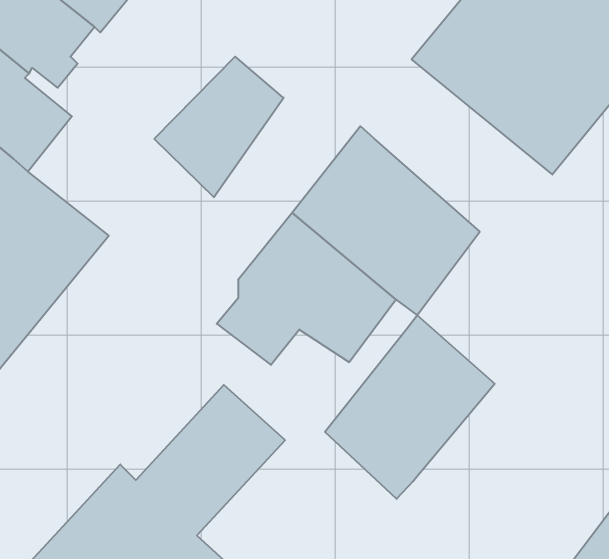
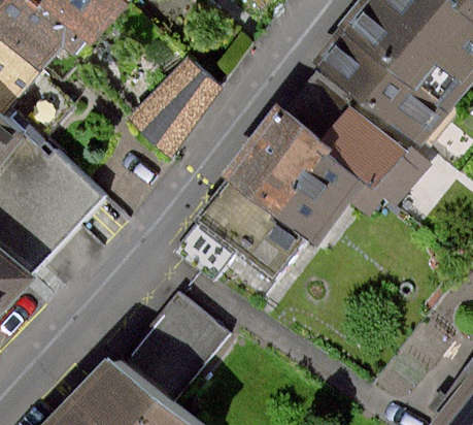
building: none -> [293,85,427,203]
building: [325,315,495,499] -> none

